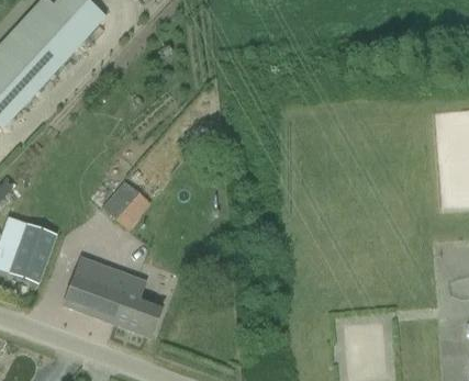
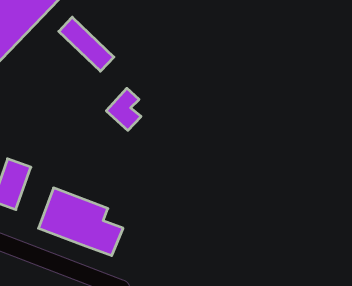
building: none -> [59,17,114,71]
building: [101,179,142,228] -> [106,88,141,130]

